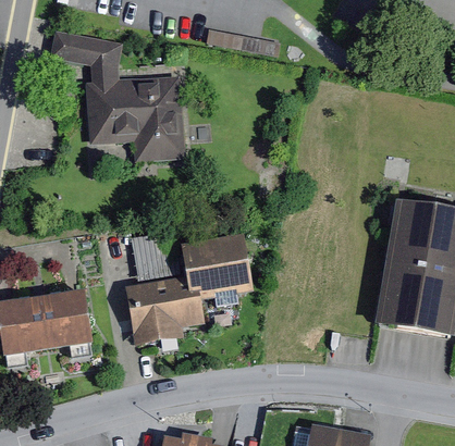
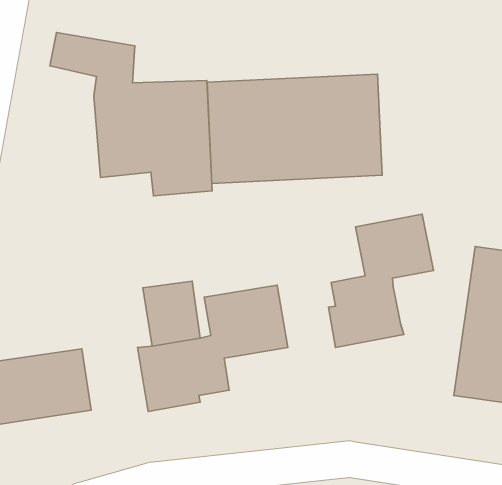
building: none -> [207,74,382,184]
building: none -> [328,214,434,347]

